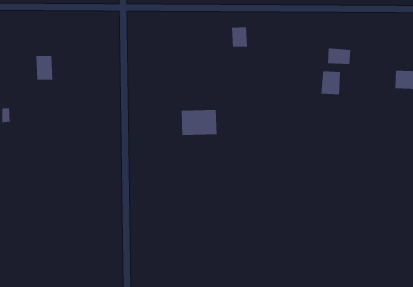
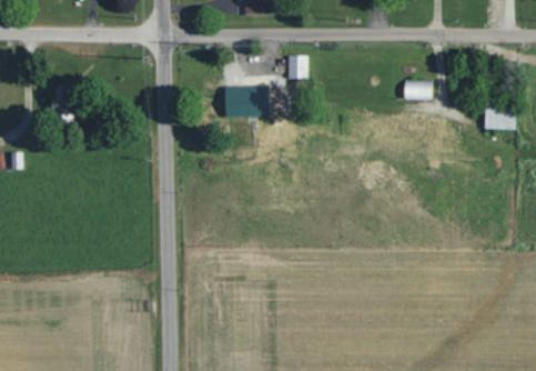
building: [321,71,340,95] -> none
building: [181,109,218,135] -> [224,86,269,117]

